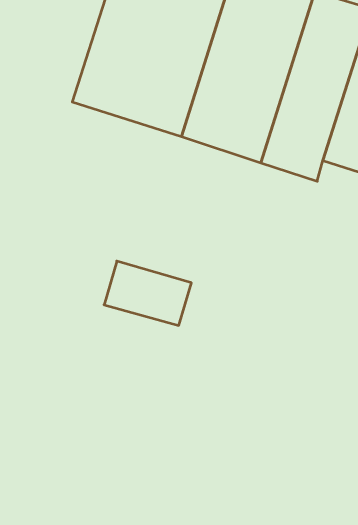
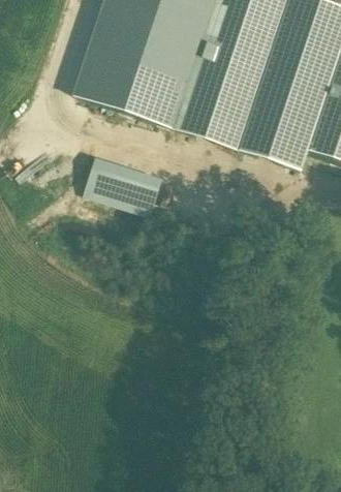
building: [104,261,191,325] -> [80,156,158,214]

